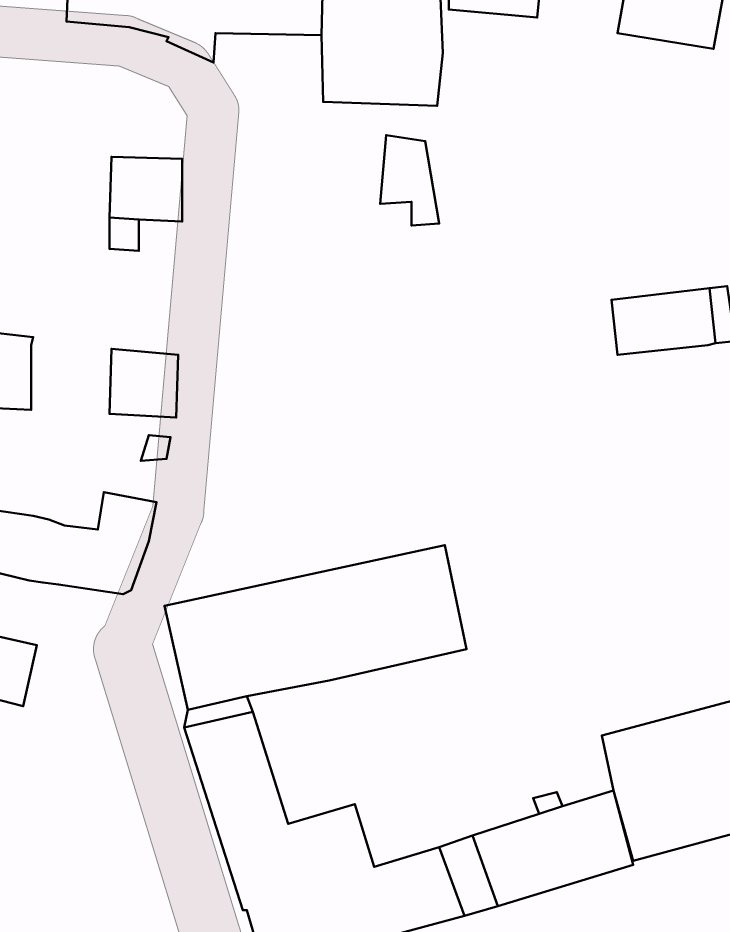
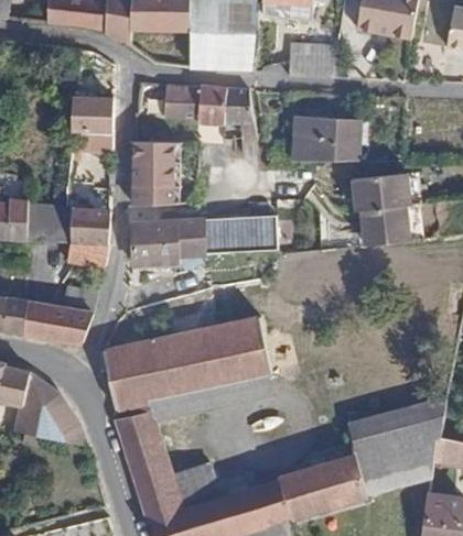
building: none -> [288,43,336,77]
building: none -> [163,84,226,124]
building: none -> [292,117,359,161]
building: none -> [132,141,179,205]
building: none -> [26,204,72,242]
building: none -> [360,204,411,244]
building: none -> [131,215,277,264]
building: none -> [17,372,86,442]

